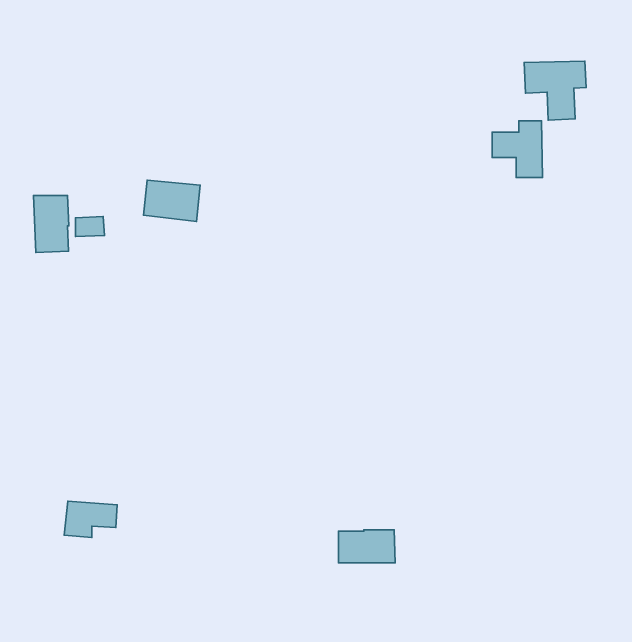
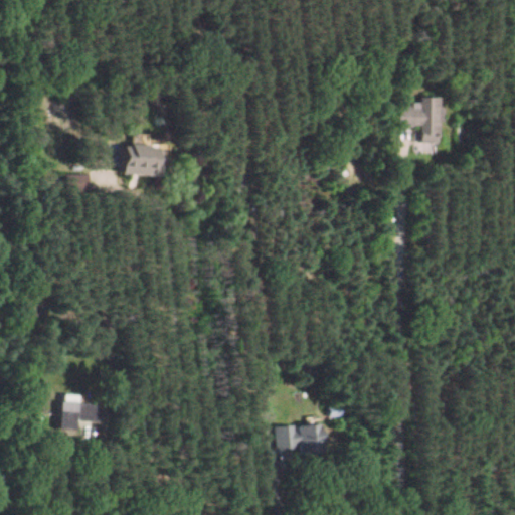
building: [524,61,586,120] -> none
building: [33,195,69,253] -> none

